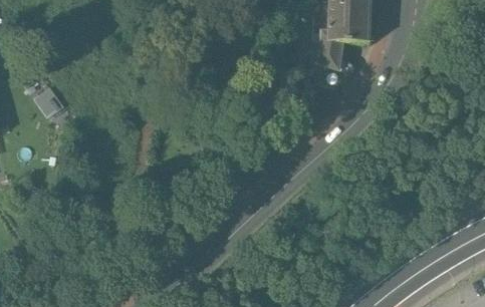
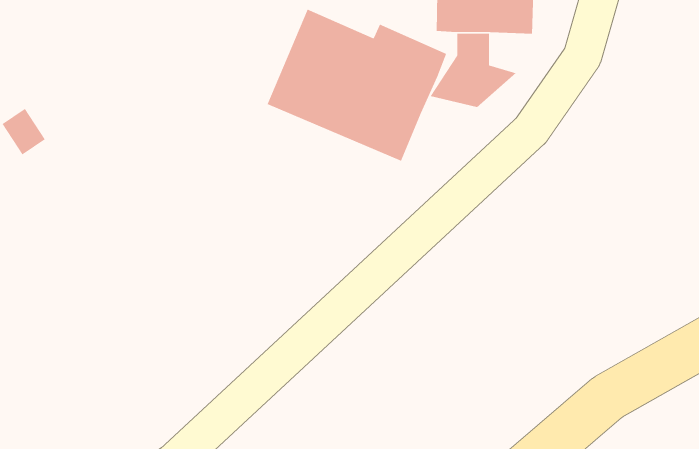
building: none -> [267,8,447,162]

